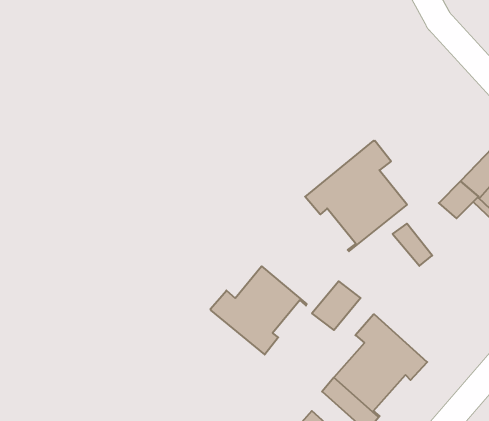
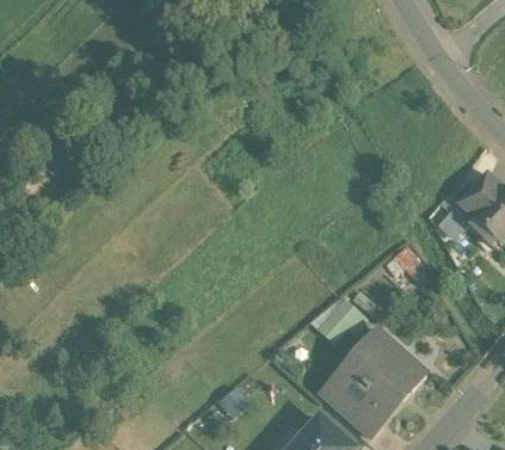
building: [305,141,407,251] -> none
building: [211,266,307,355] -> none

